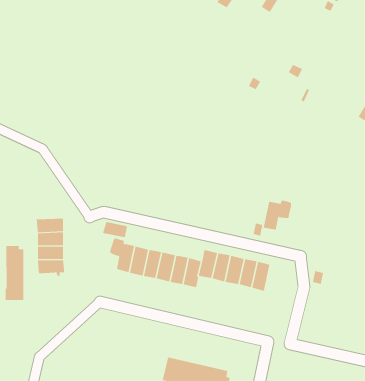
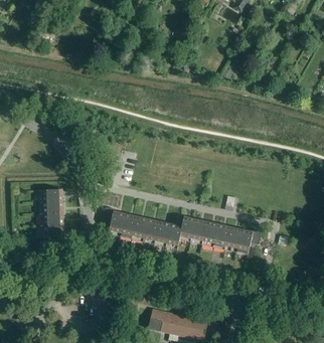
building: [263,200,292,230] -> [236,228,262,254]
building: [5,245,24,301] -> none

